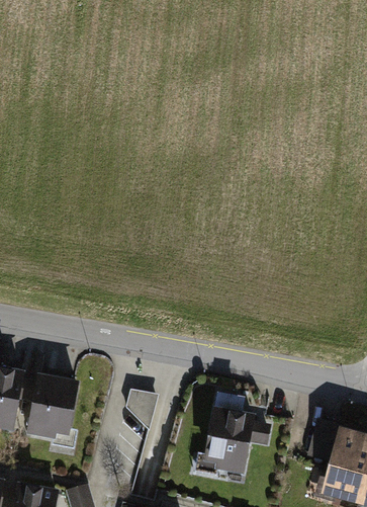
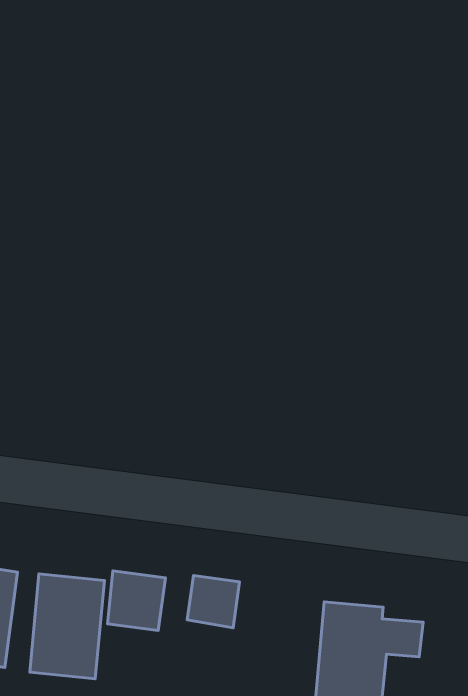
building: none -> [107,571,166,631]

